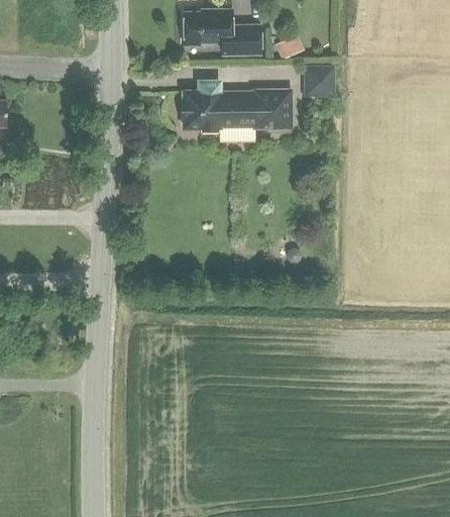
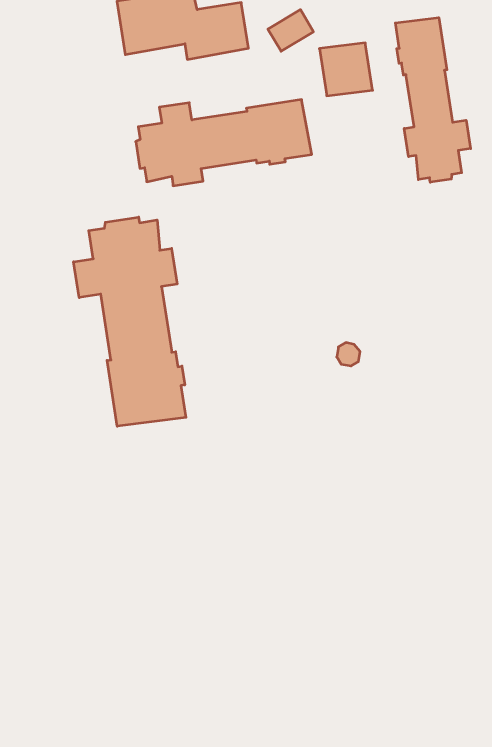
building: none -> [395,18,471,182]
building: none -> [74,217,186,426]

